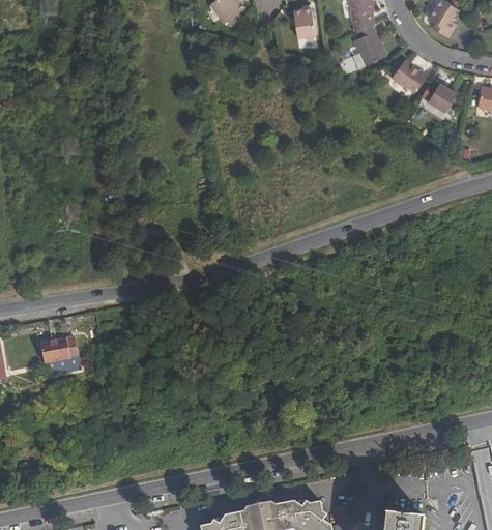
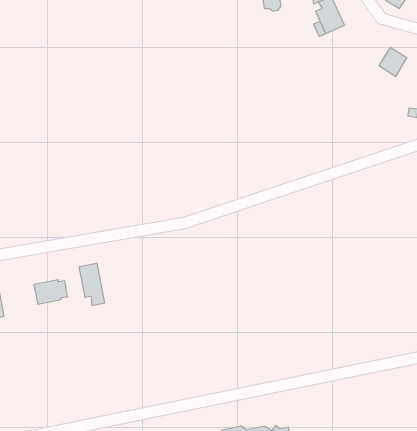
building: [388,62,427,94] -> none
building: none -> [79,263,104,306]

